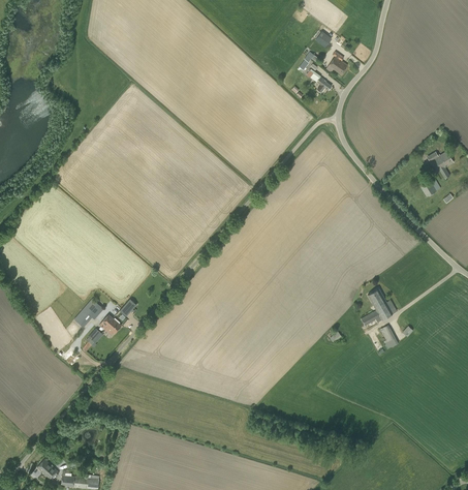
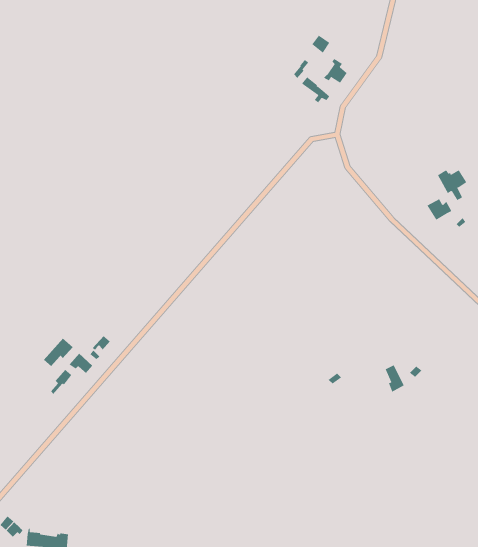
building: [361,288,397,326] -> none

